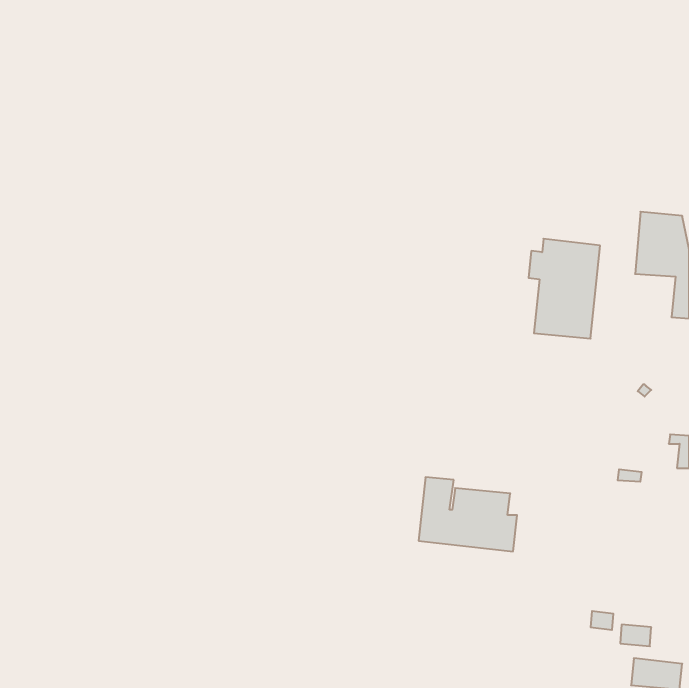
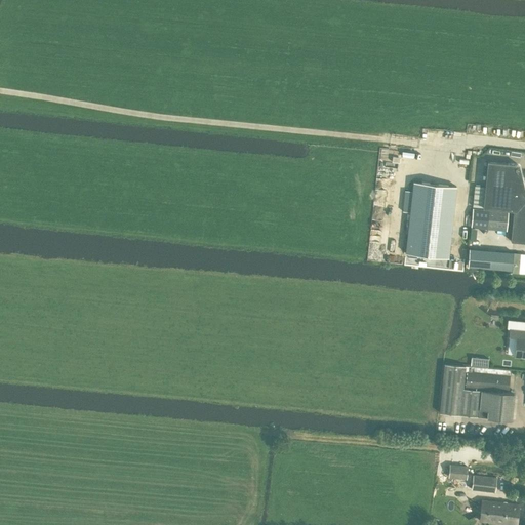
building: none -> [486,211,509,232]
building: none -> [468,250,513,271]
building: [419,477,517,551] -> [439,365,514,421]

